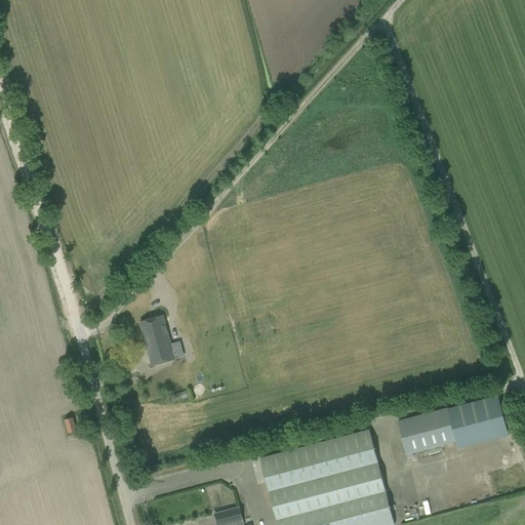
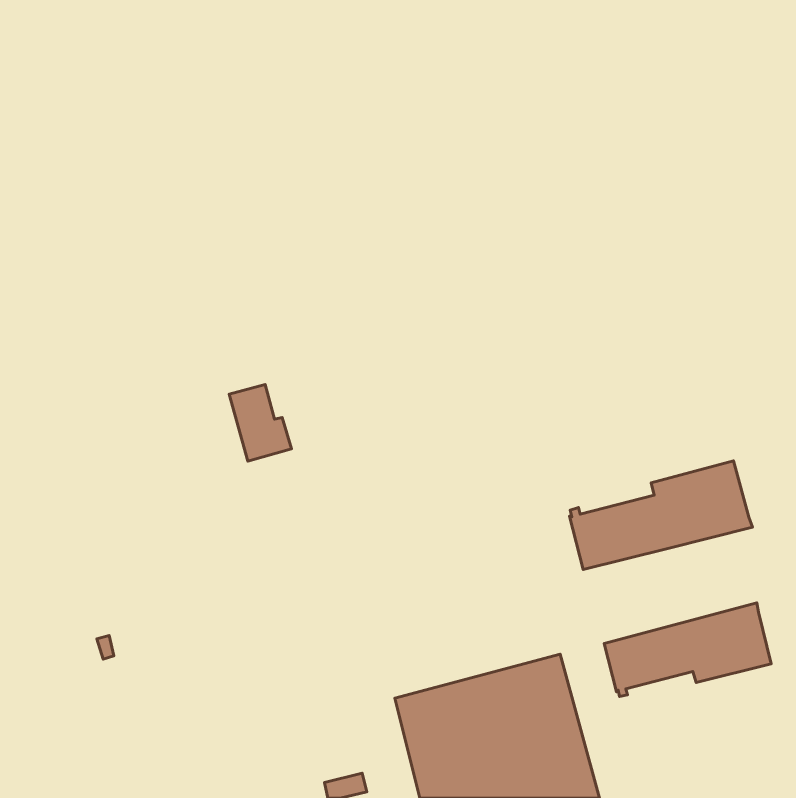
building: none -> [570,461,752,570]
building: [138,316,179,366] -> [229,385,292,461]

